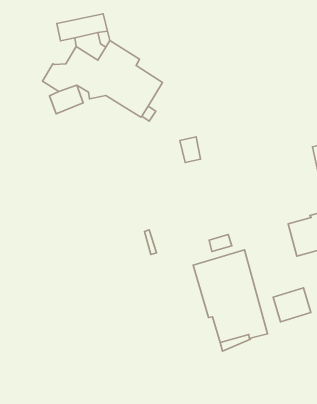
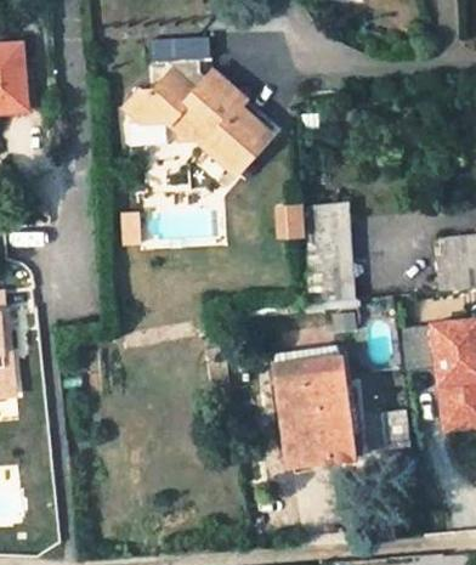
building: none -> [305,200,356,303]

